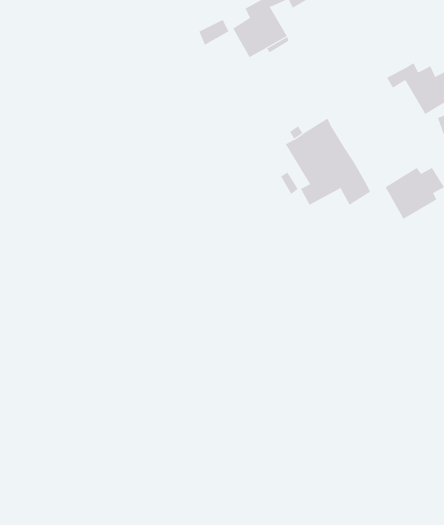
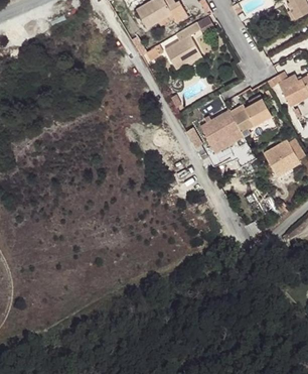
building: none -> [228,95,271,133]

